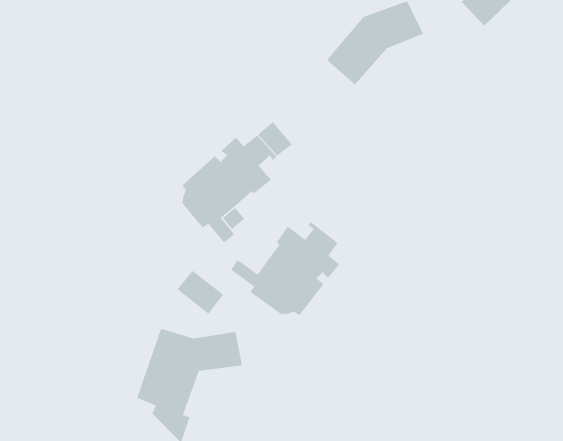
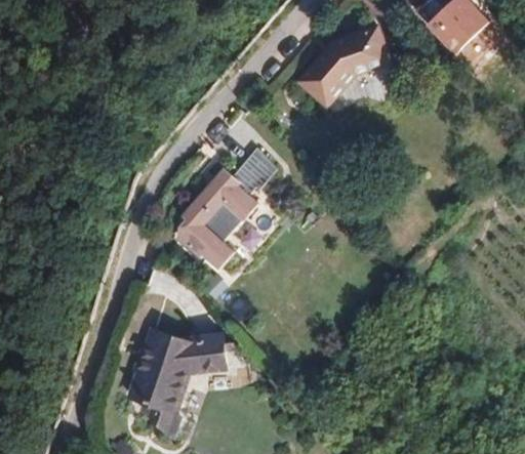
building: [230,221,340,316] -> none
building: [177,270,224,315] -> none

